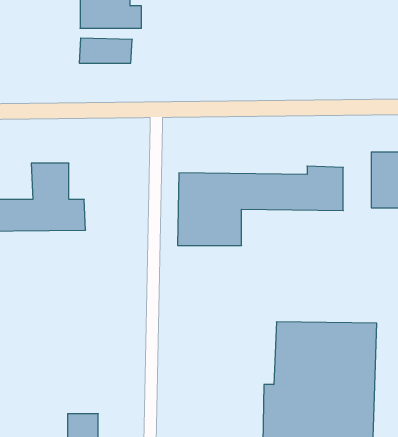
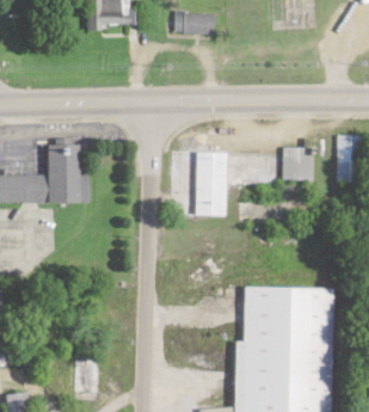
building: [79,38,132,63] -> [170,14,215,36]

